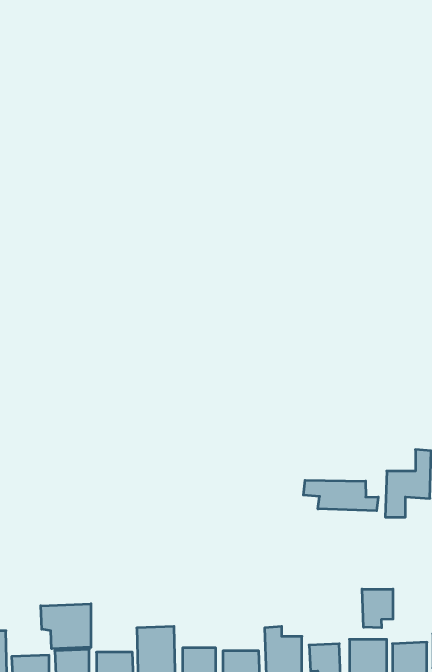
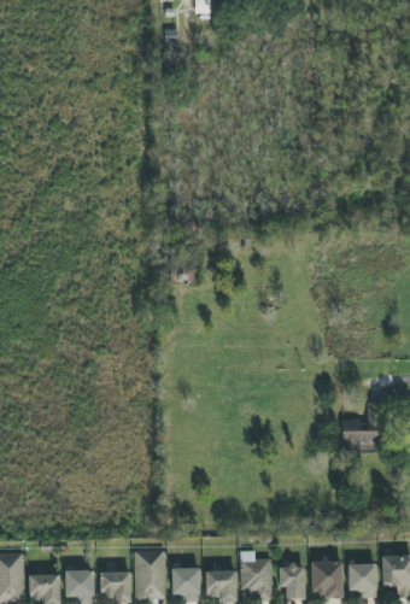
building: [303,480,378,511] -> none
building: [362,589,393,628] -> none
building: [41,604,91,649] -> none

